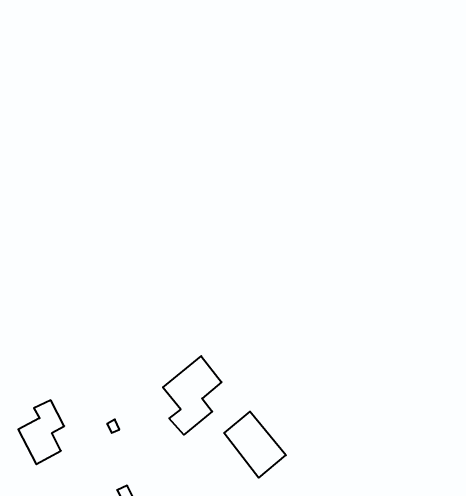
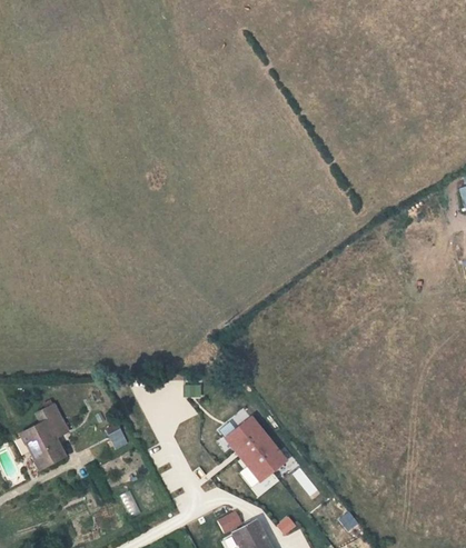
building: [163,356,222,435] -> none

